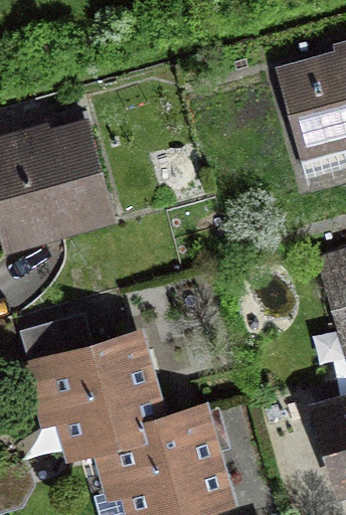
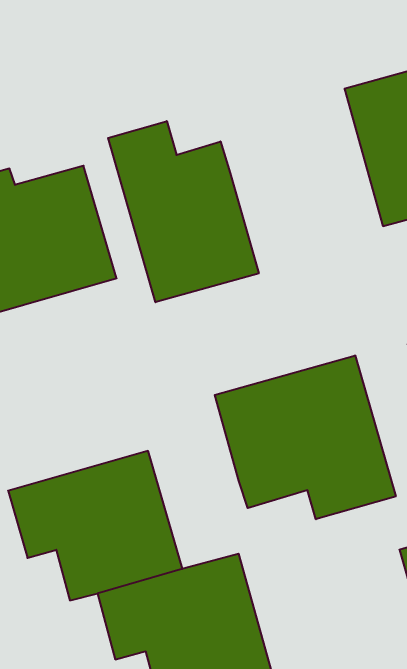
building: none -> [108,121,259,302]
building: none -> [215,355,396,519]

